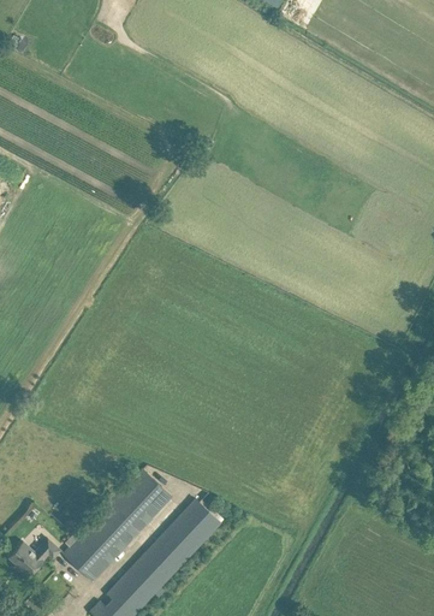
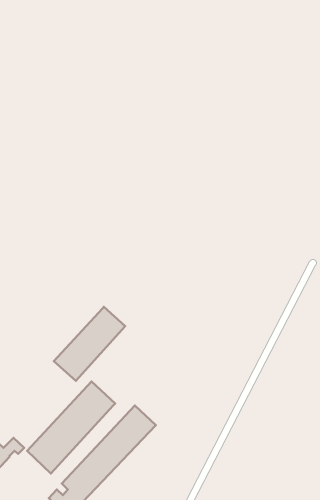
building: none -> [54,307,125,381]

